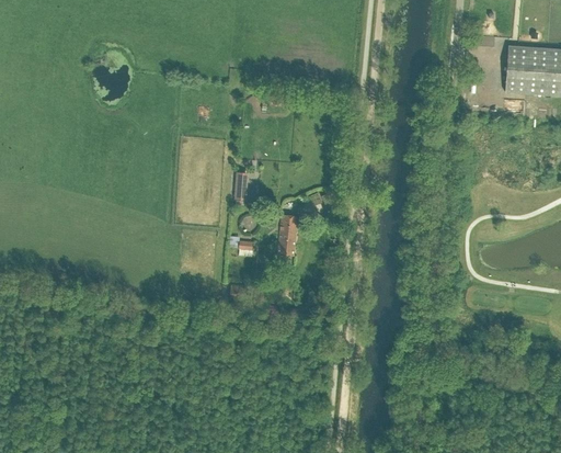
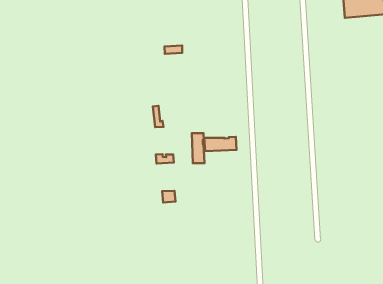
building: none -> [204,137,237,151]

